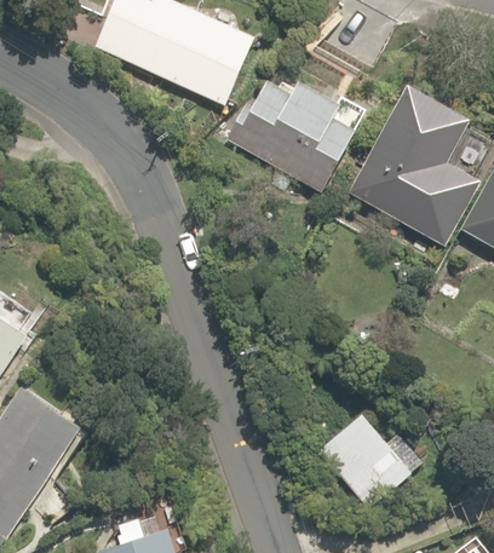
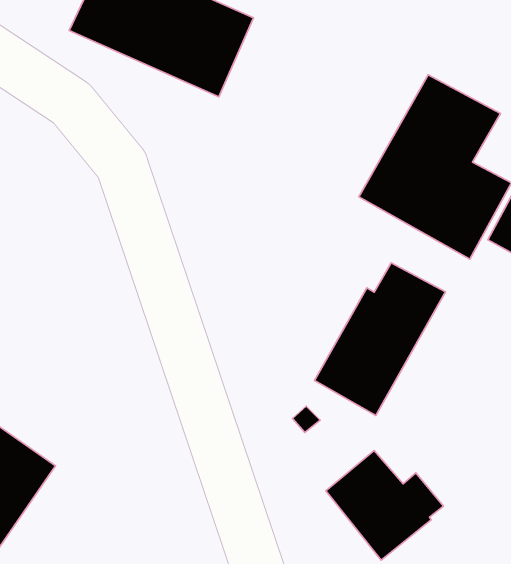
building: [225,81,368,192] -> none
building: none -> [315,263,445,415]

